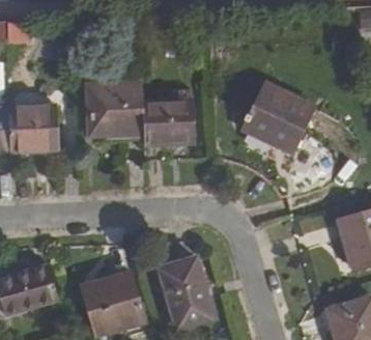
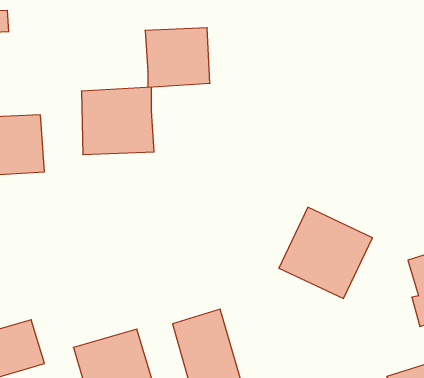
building: [241,83,315,154] -> [279,207,373,299]
building: [143,100,194,146] -> [145,28,210,87]

